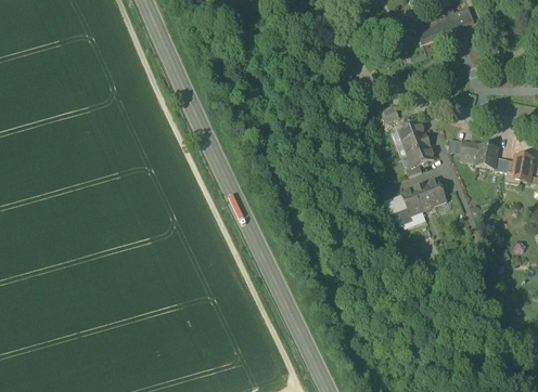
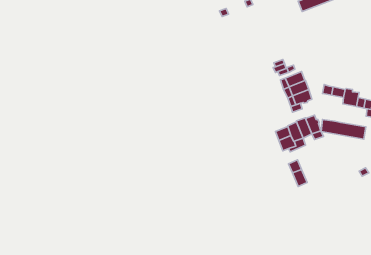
building: none -> [321,119,366,139]

